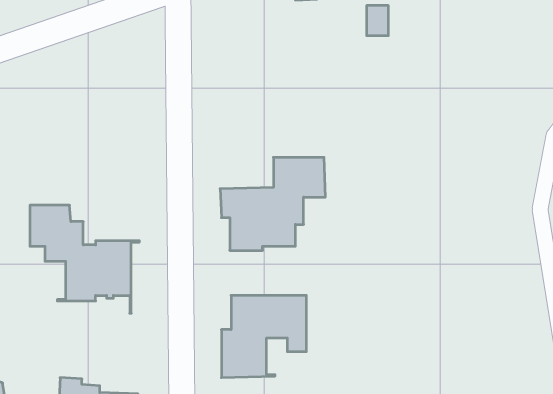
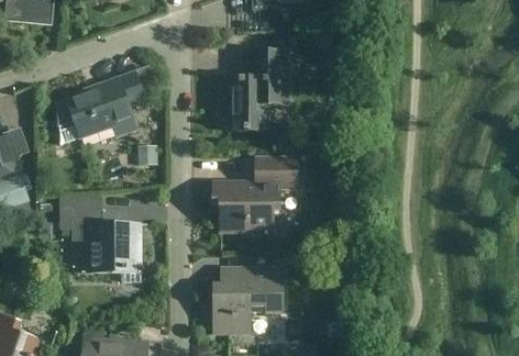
building: none -> [223,49,288,130]
building: none -> [56,70,145,146]

